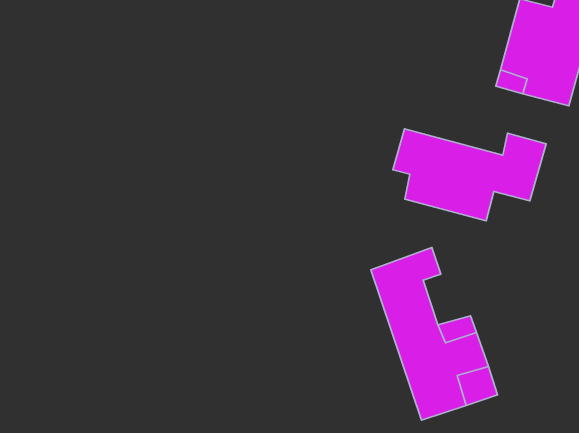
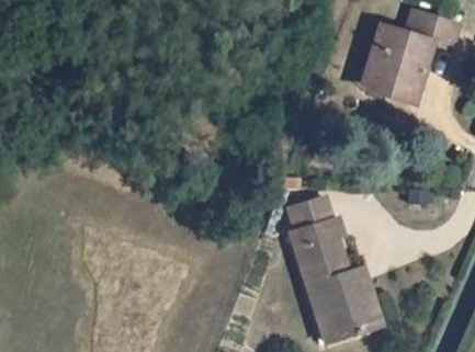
building: [393,129,546,221] -> none

